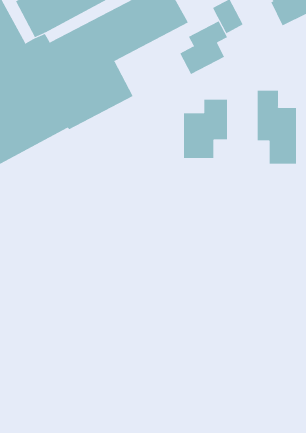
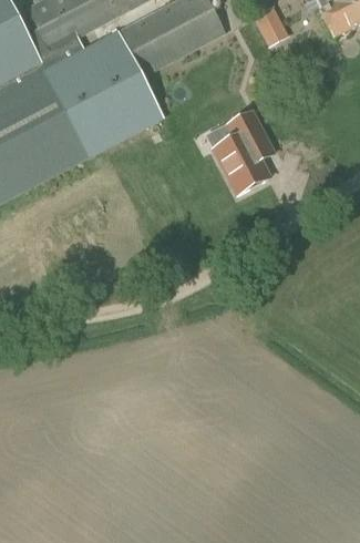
building: [179,21,228,75] -> none
building: [257,90,296,164] -> none

